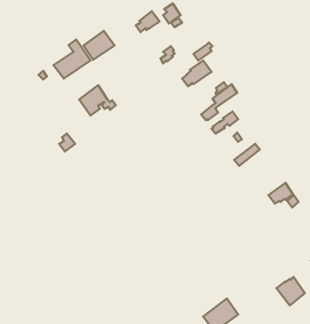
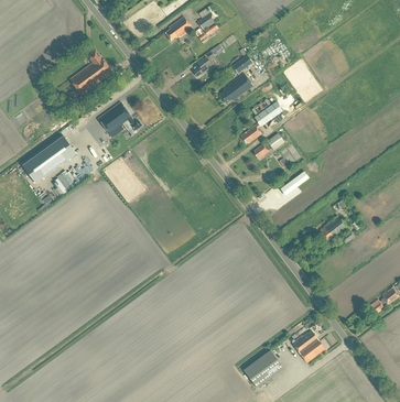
building: [84,31,114,60] -> none
building: none -> [23,135,77,183]
building: [277,277,305,305] -> [292,329,325,362]

